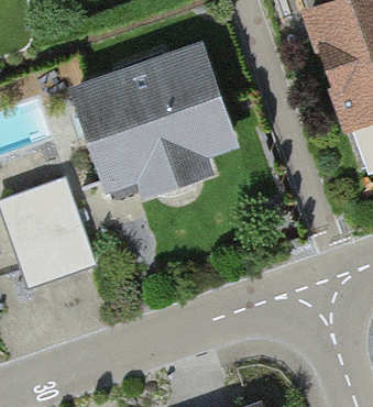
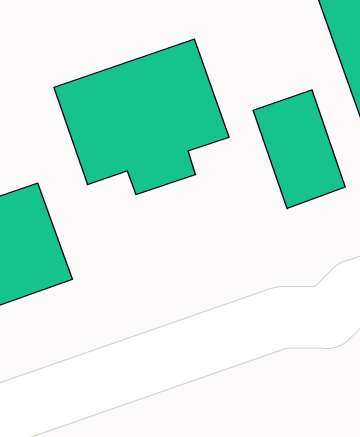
building: none -> [253,90,345,209]

